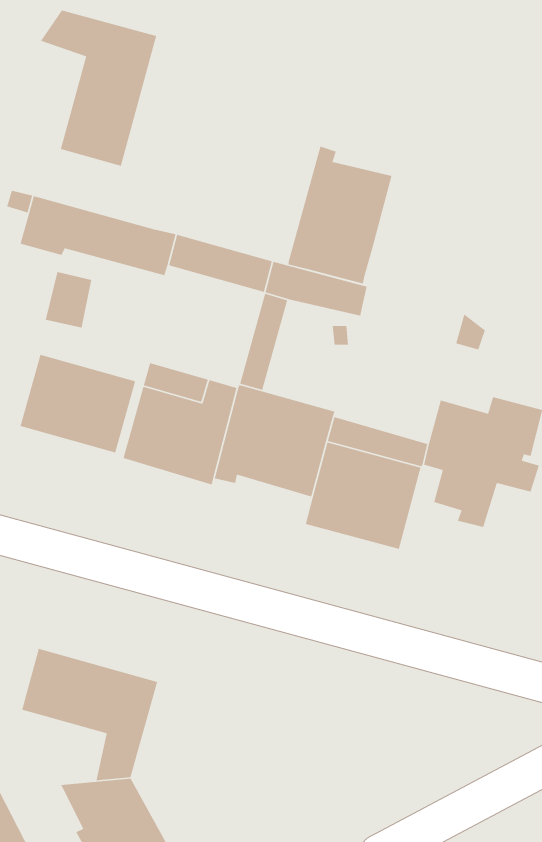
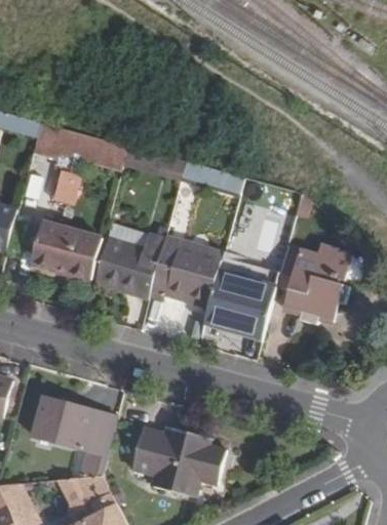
building: [40,9,157,167] -> none
building: [288,146,393,284] -> none
building: none -> [131,428,225,496]

